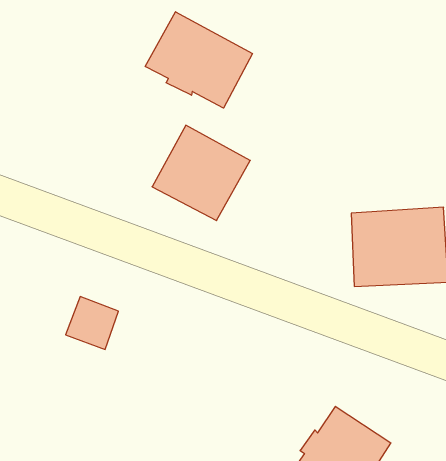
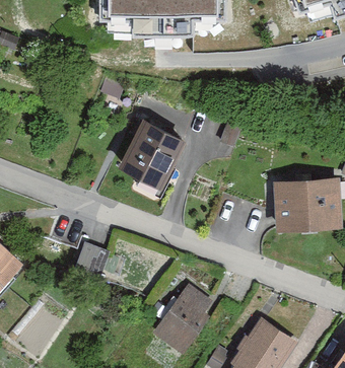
building: [145,12,252,108] -> none
building: none -> [154,286,217,353]

